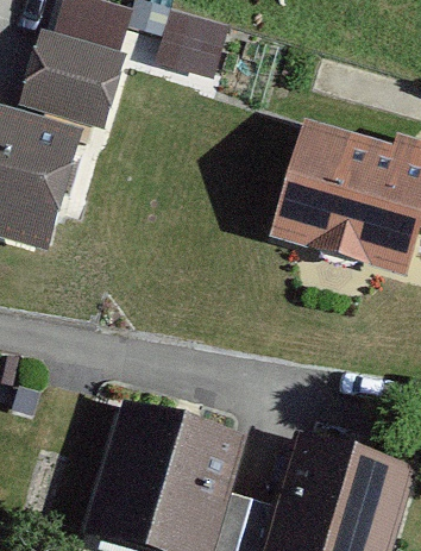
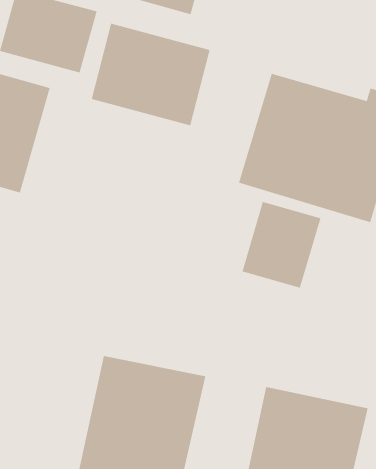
building: none -> [91,23,210,126]
building: none -> [242,201,321,288]

